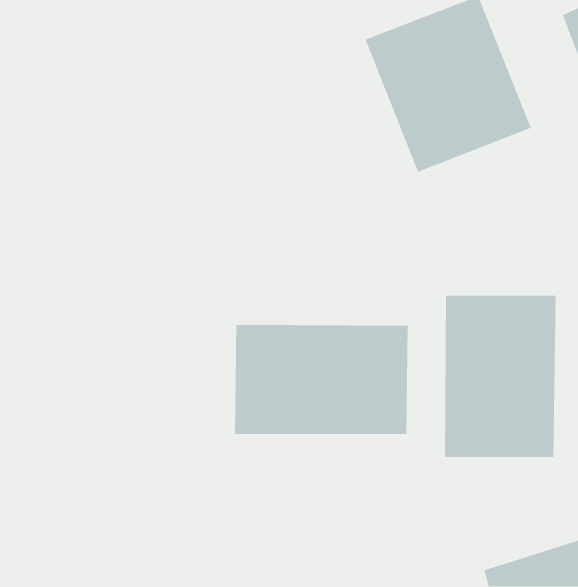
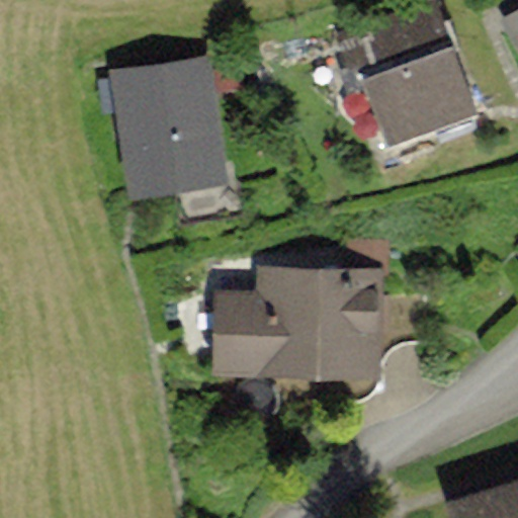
building: none -> [125,60,239,199]
building: [444,295,556,458] -> none

